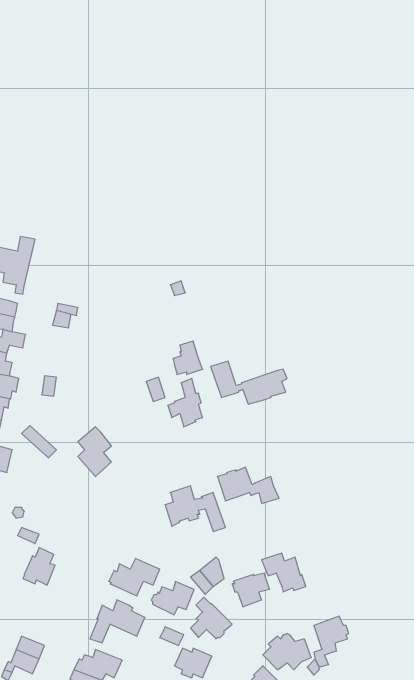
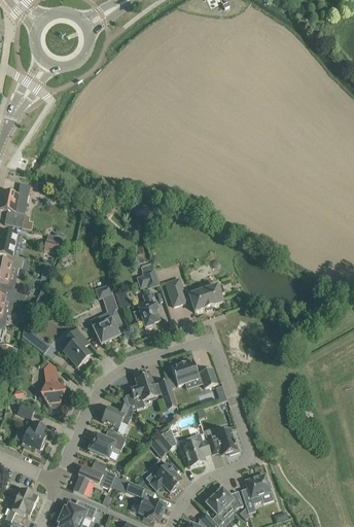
building: none -> [93,284,125,344]
building: none -> [38,361,64,408]
building: [151,581,194,615] -> [100,402,133,428]

